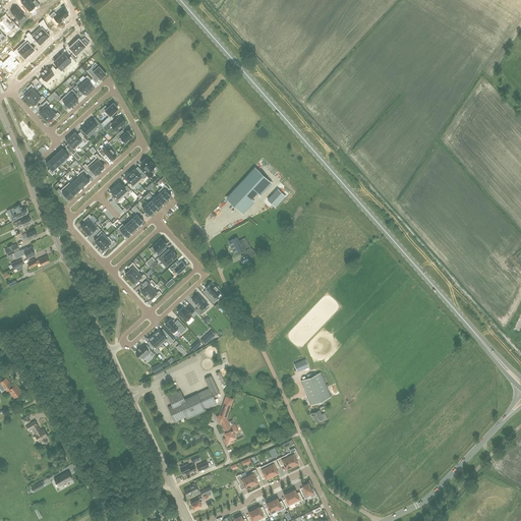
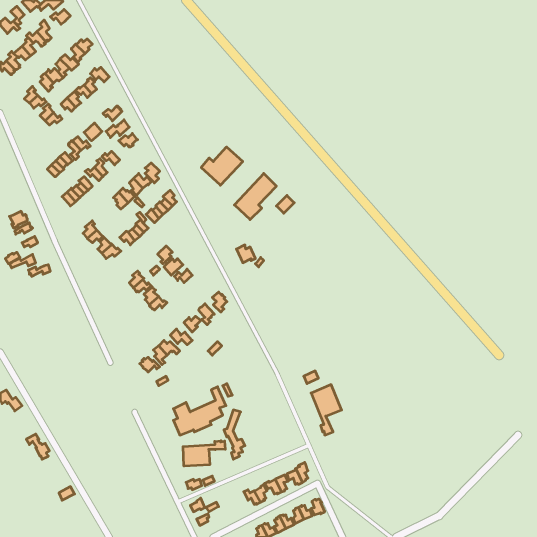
building: none -> [201,147,243,185]
building: none -> [183,441,225,466]

